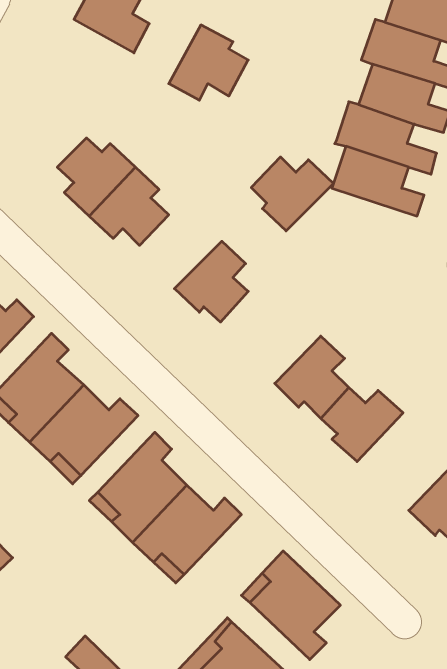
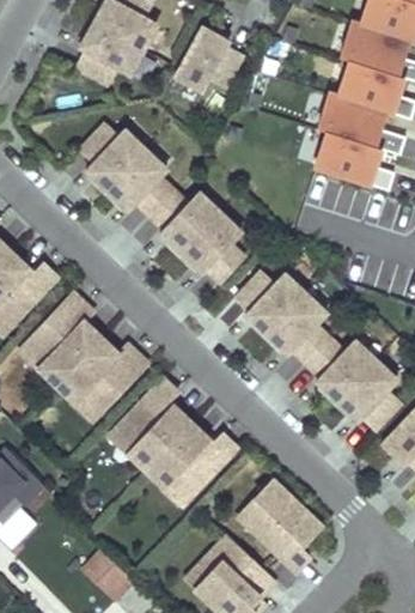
building: none -> [75,22,145,84]
building: [251,157,334,231] -> [149,189,220,253]
building: none -> [234,271,305,334]
building: none -> [336,359,399,430]

